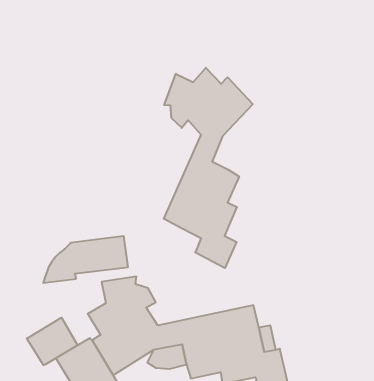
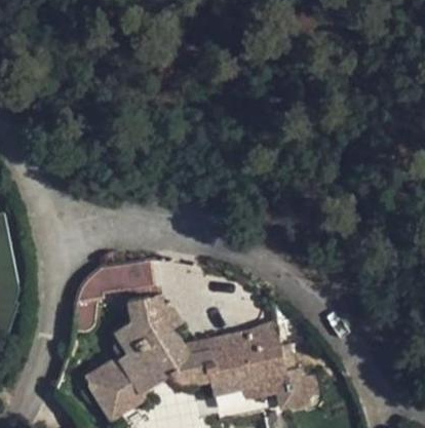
building: [164,68,253,268] -> none
building: [27,318,78,365] -> none

